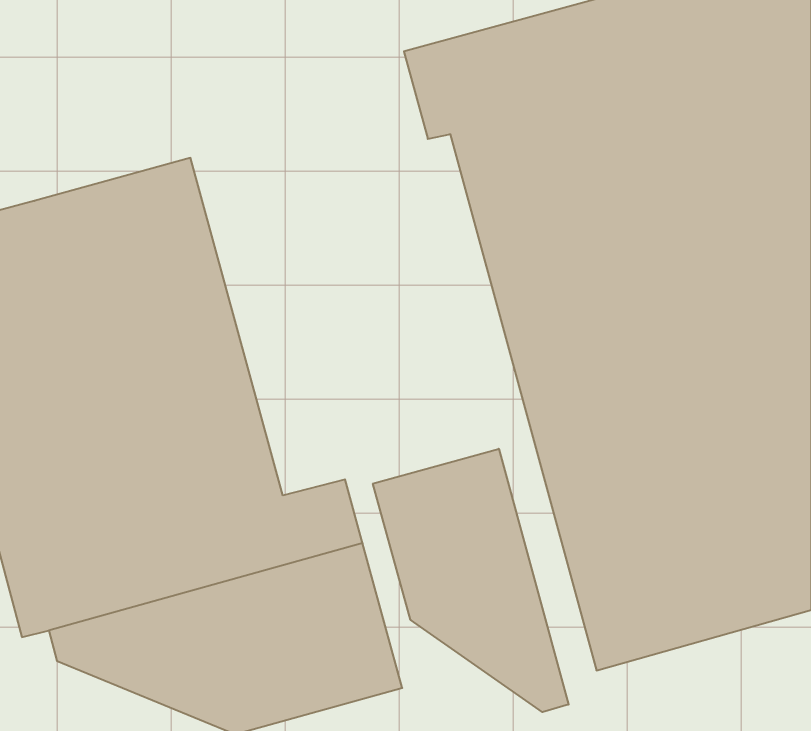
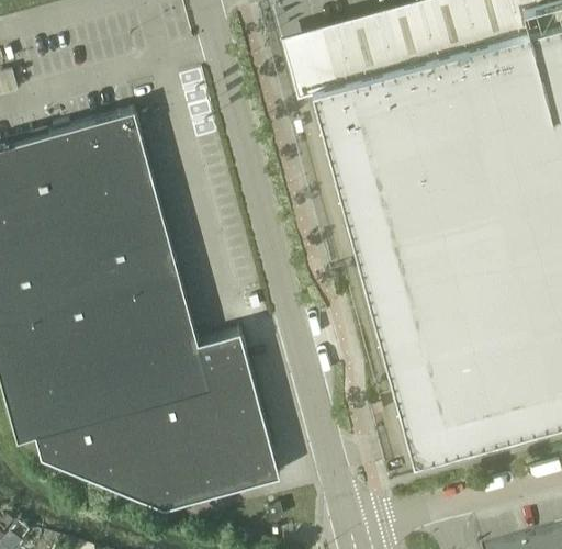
building: [373,449,569,712] -> none

